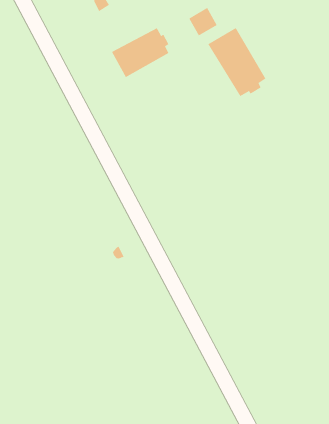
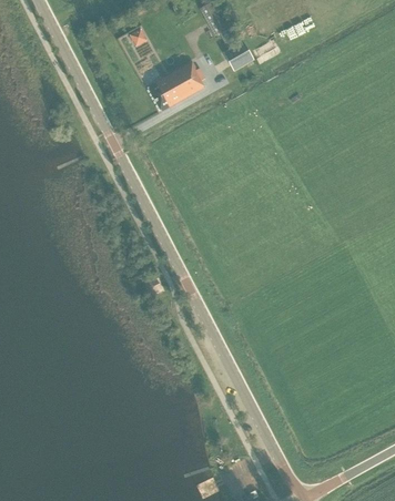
building: [208,27,266,97] -> none

